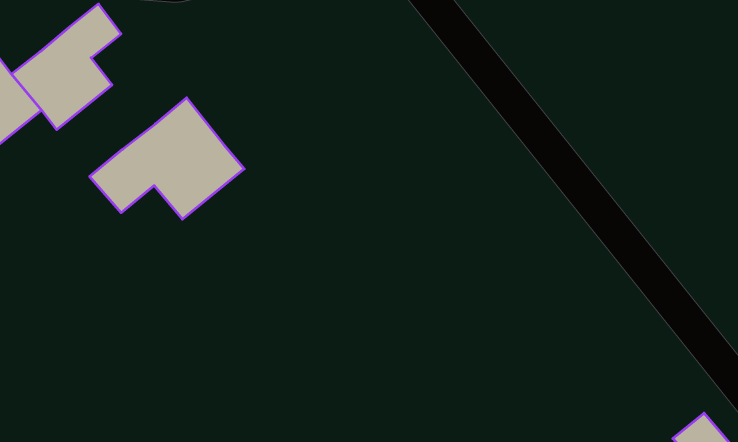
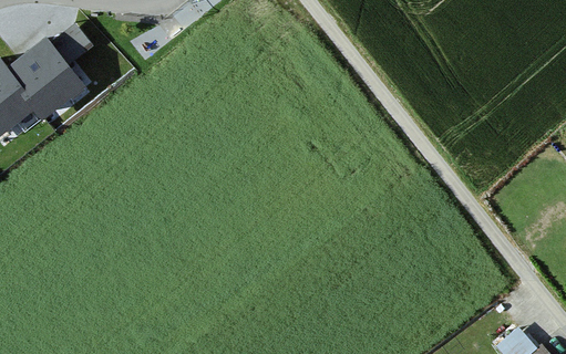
building: [90,98,244,219] -> none

